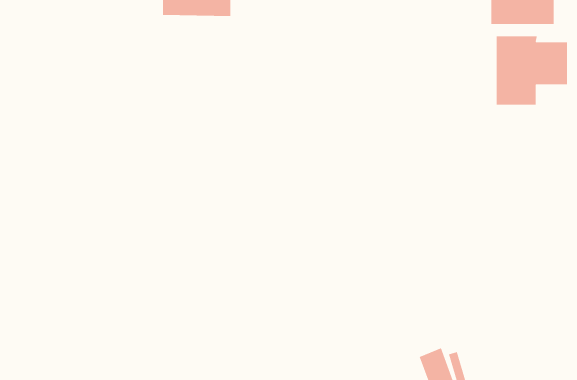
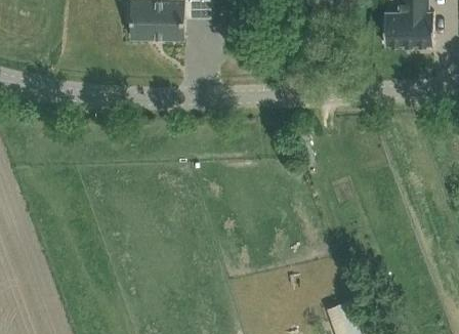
building: [496,36,567,105] -> none

